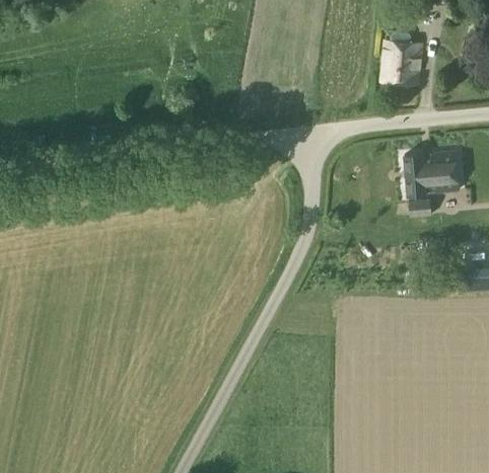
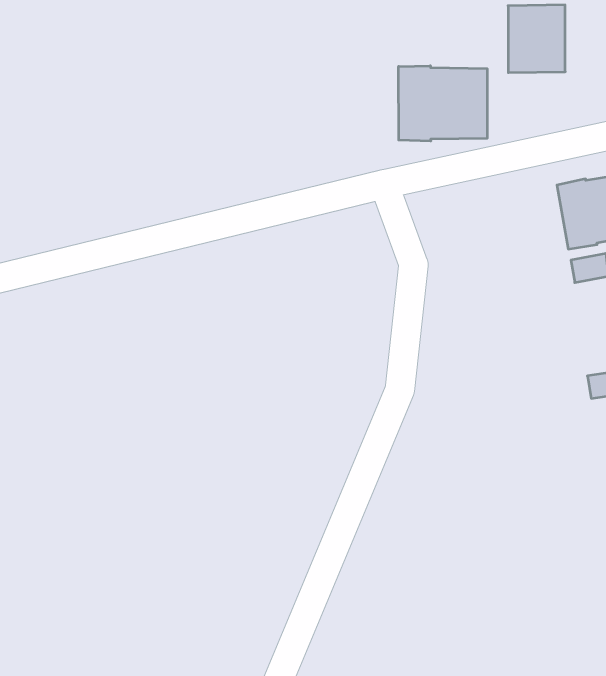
building: none -> [399,66,487,141]

